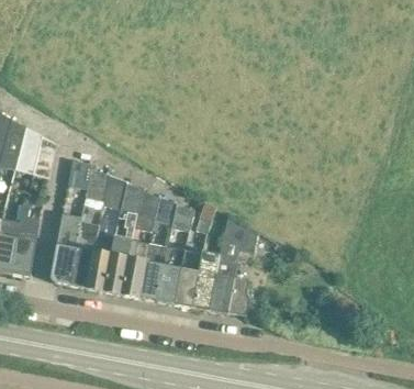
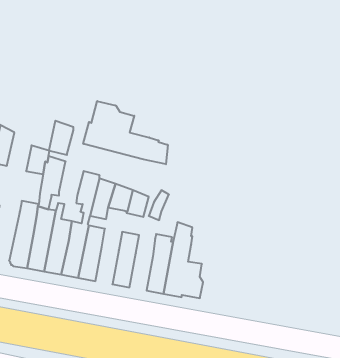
building: none -> [83,101,168,164]
building: [101,175,126,210] -> [49,121,73,155]
building: [223,216,256,254] -> none
building: [138,244,166,301] -> none
building: [174,251,200,308] -> none

